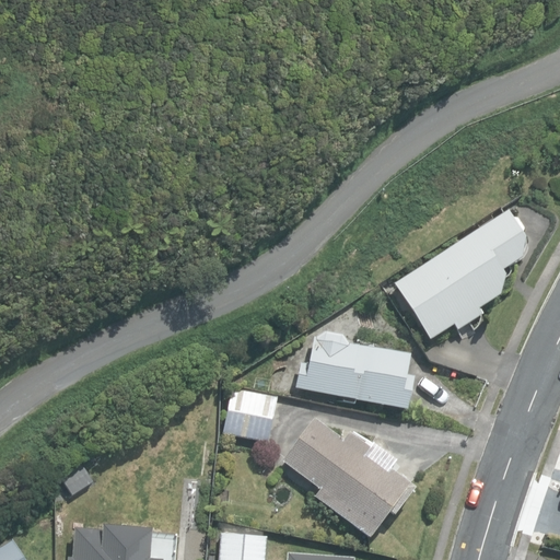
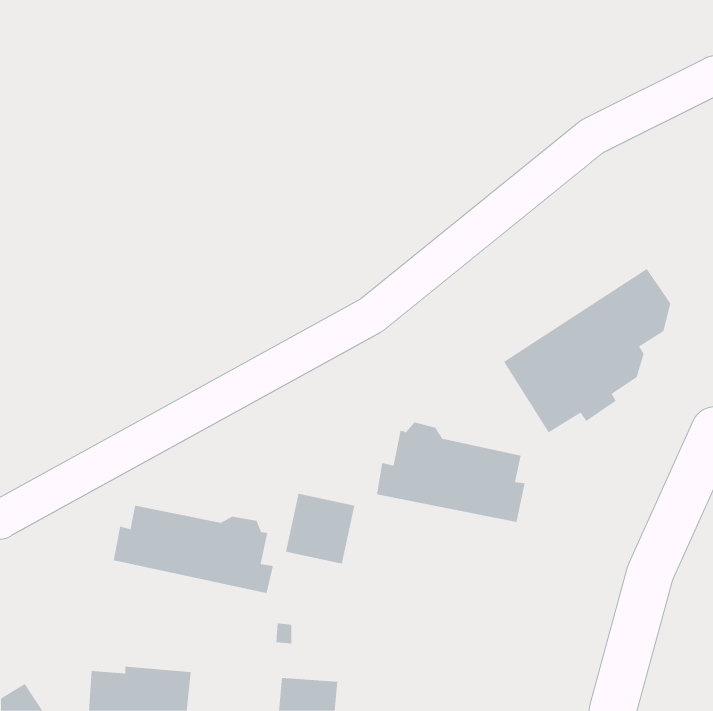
building: none -> [113,505,274,594]
building: [283,418,416,537] -> none

